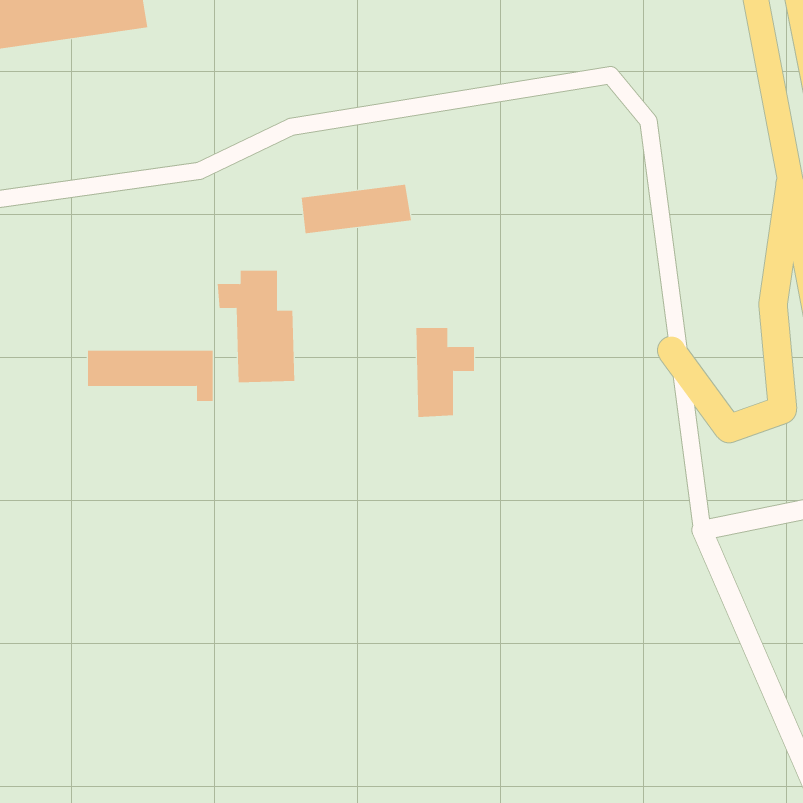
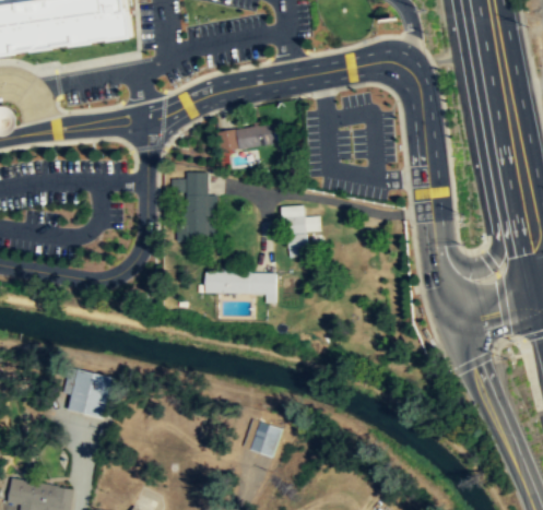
building: [87,350,213,402] -> [203,273,275,303]
building: none -> [66,369,111,419]
building: none -> [249,422,284,459]

